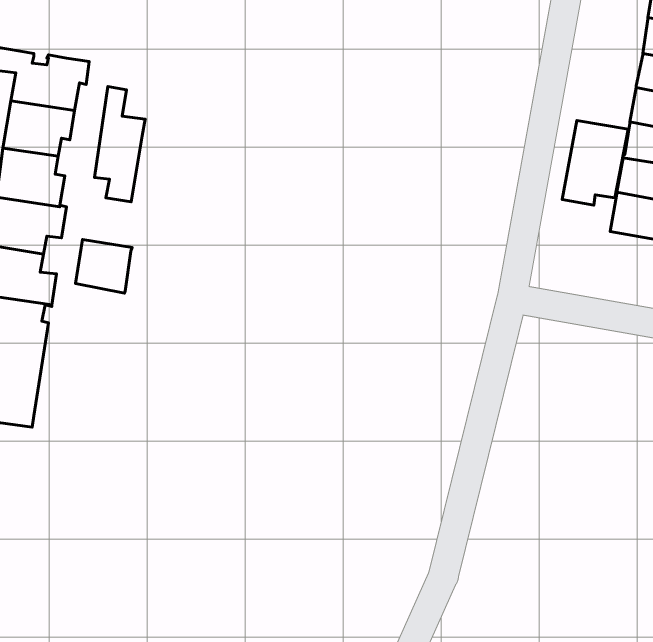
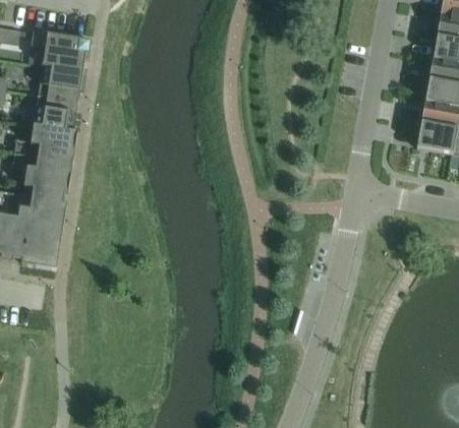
building: [94,86,145,202] -> none
building: [562,121,628,205] -> none
building: [76,240,132,293] -> none

